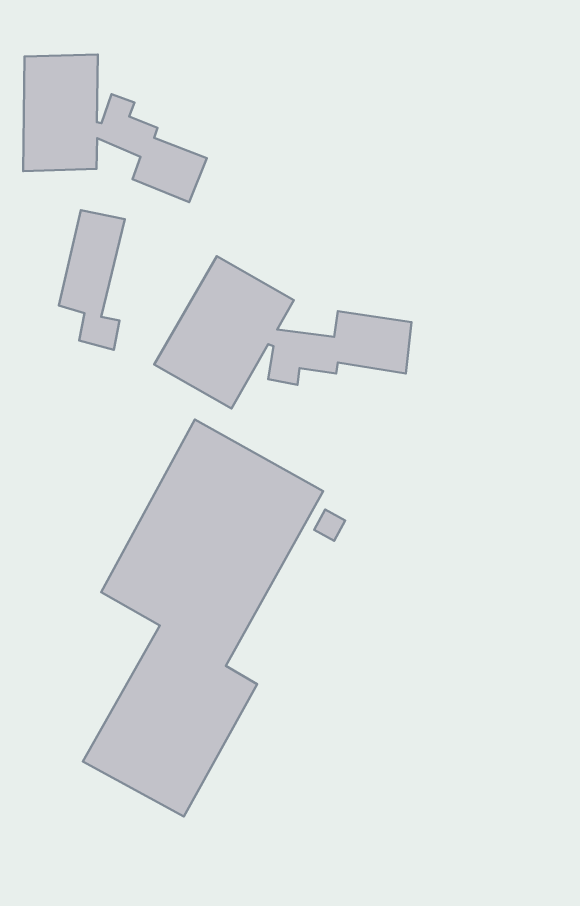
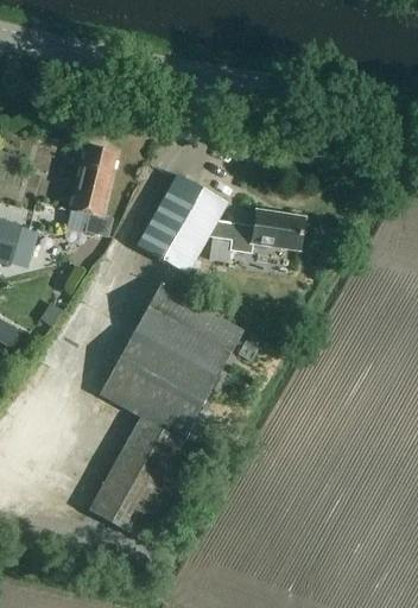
building: [23,54,207,202] -> none

